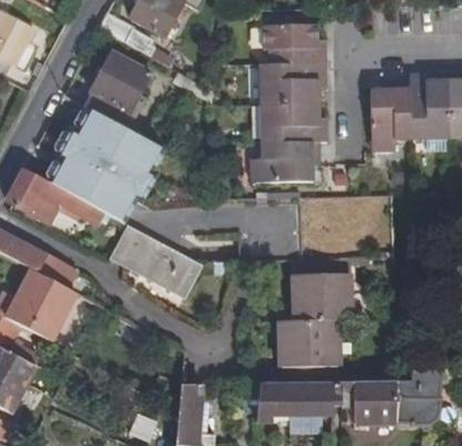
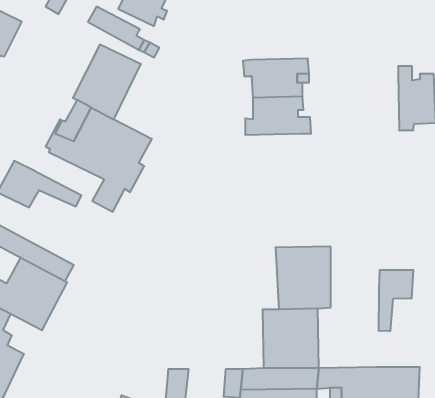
building: [263,27,325,67] -> none
building: [376,81,419,151] -> none
building: [252,142,318,184] -> none
building: [48,161,116,211] -> none
building: [109,224,195,293] -> none
building: none -> [379,270,413,331]

